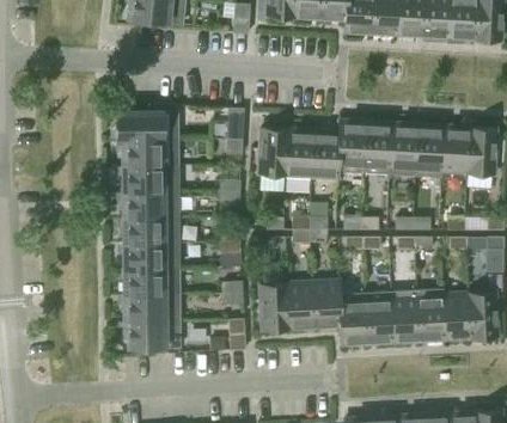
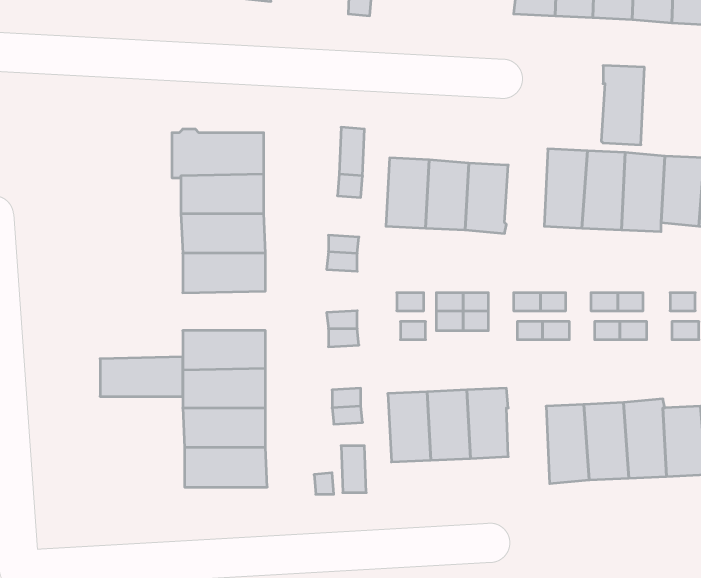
building: [337,122,366,174] -> [601,66,644,145]
building: [123,217,178,244] -> [100,357,183,396]
building: [338,294,367,347] -> none

